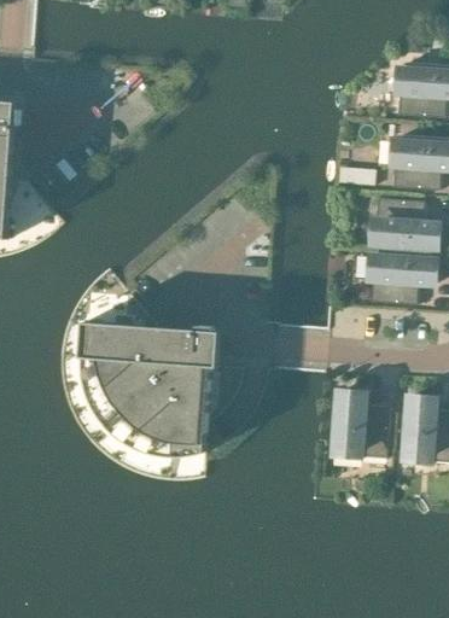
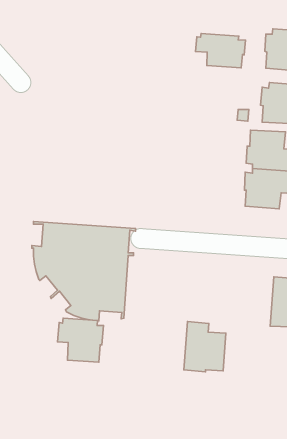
building: none -> [195,34,246,68]
building: [332,390,389,457] -> [184,322,226,372]
building: none -> [58,318,104,362]

